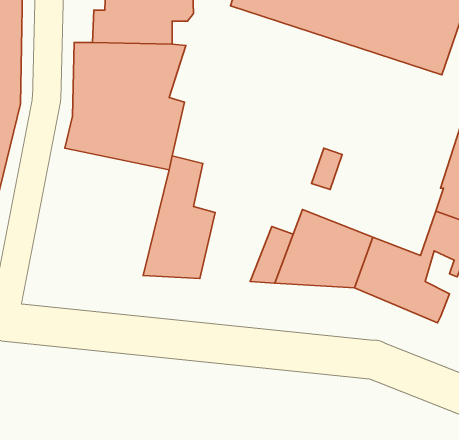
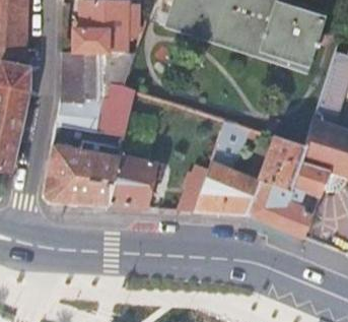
building: none -> [43,121,125,205]
building: none -> [260,137,306,192]

